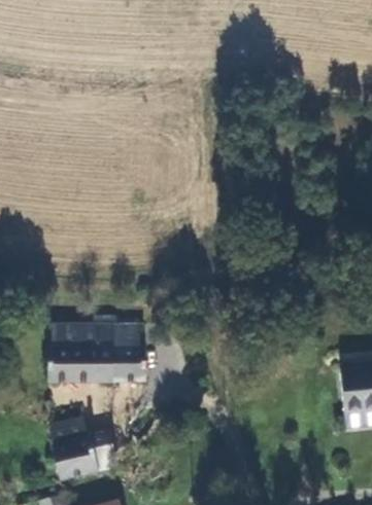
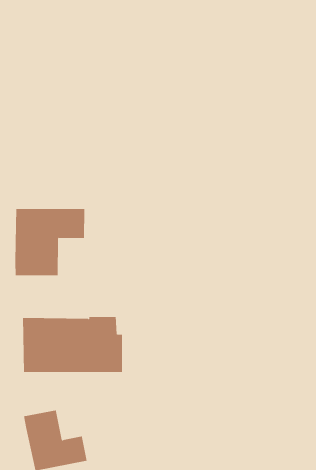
building: none -> [15,208,85,276]

